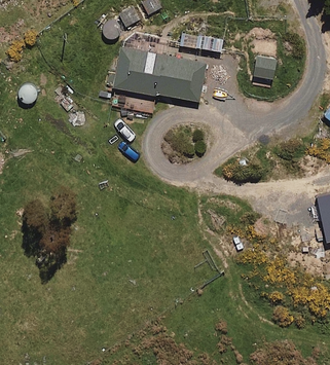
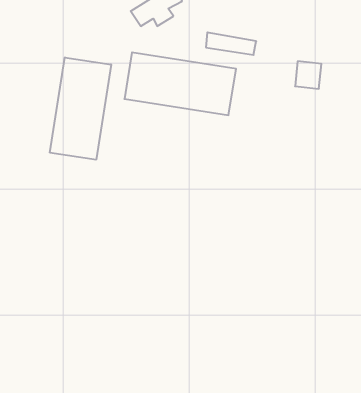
building: none -> [50,57,111,160]

